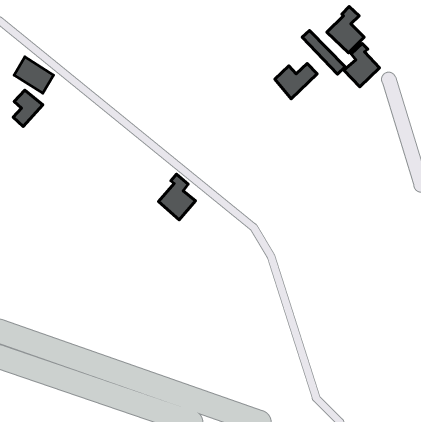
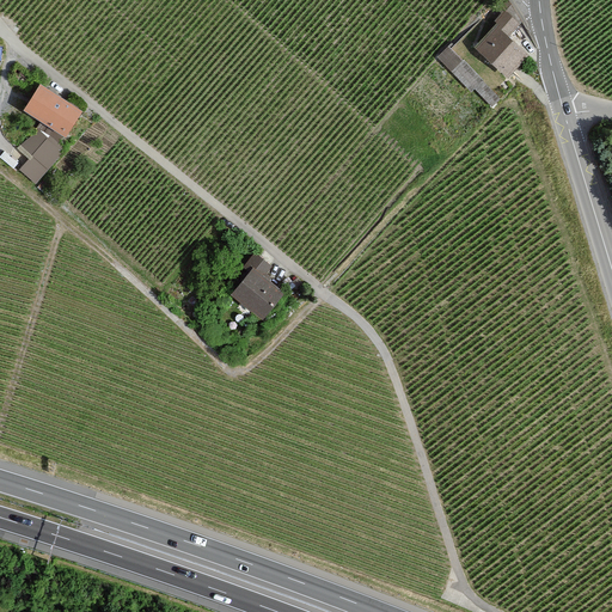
building: [344,43,380,87] -> none
building: [275,63,317,99] -> none

